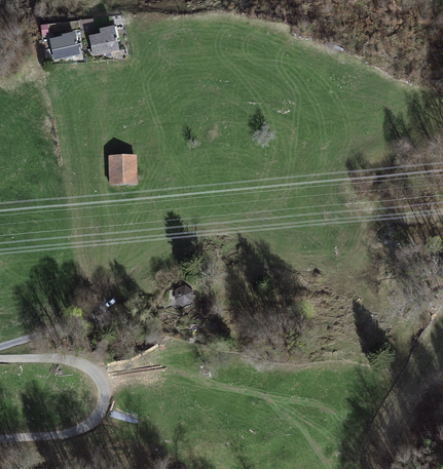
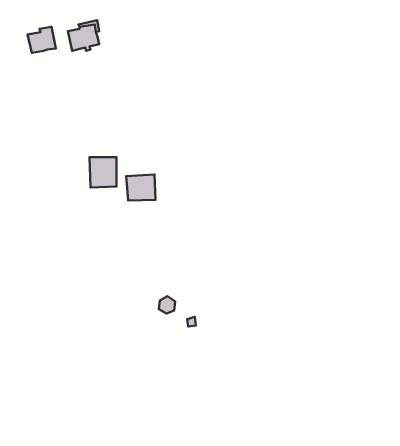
building: none -> [126,174,155,201]

